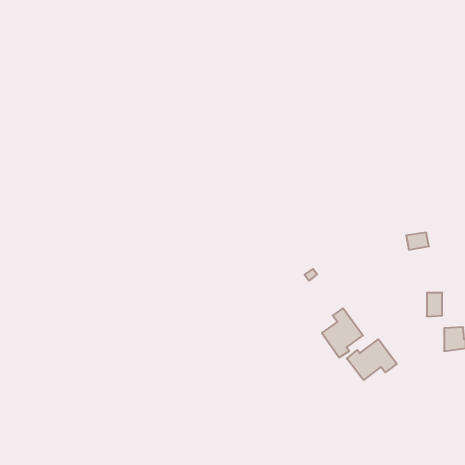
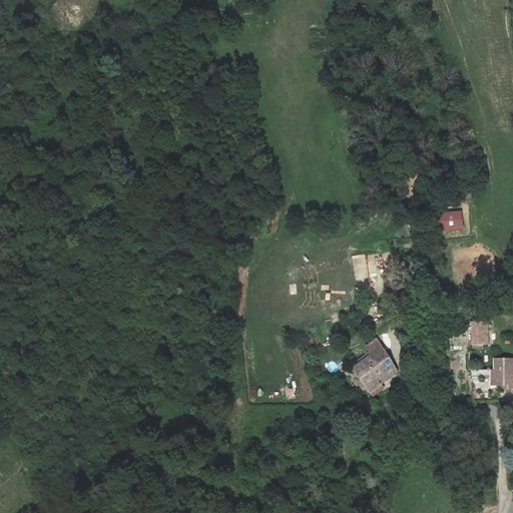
building: [406,233,429,250] -> [438,210,463,229]
building: [347,339,397,380] -> none

